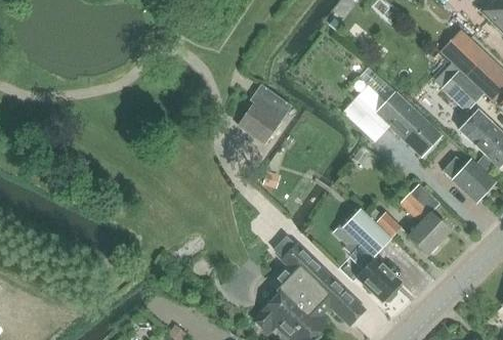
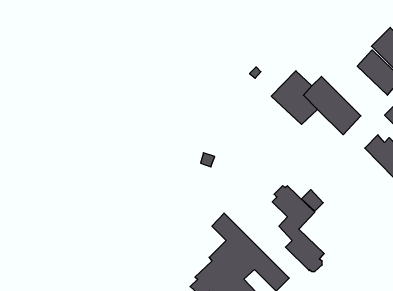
building: [240,83,292,140] -> none
building: [399,190,451,254] -> none

